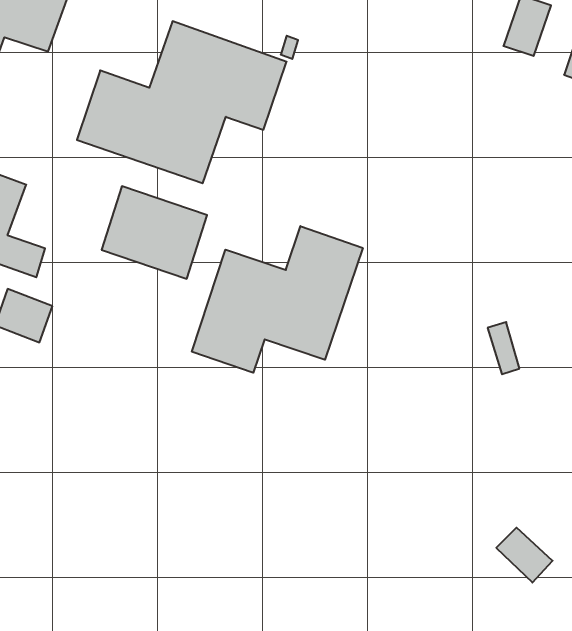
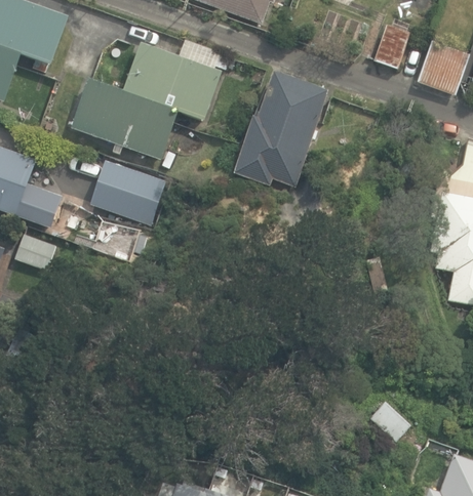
building: none -> [233,71,329,183]
building: [192,226,363,373] -> none

